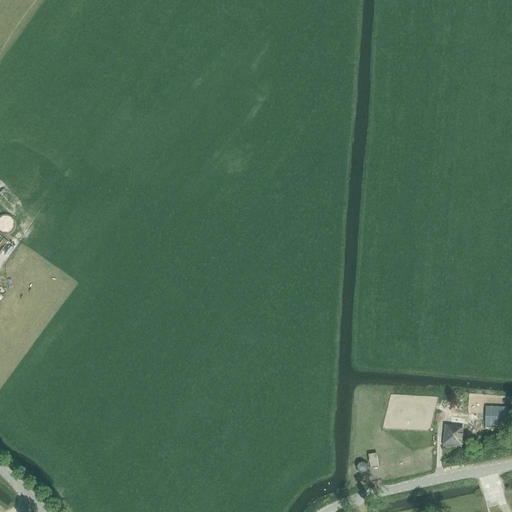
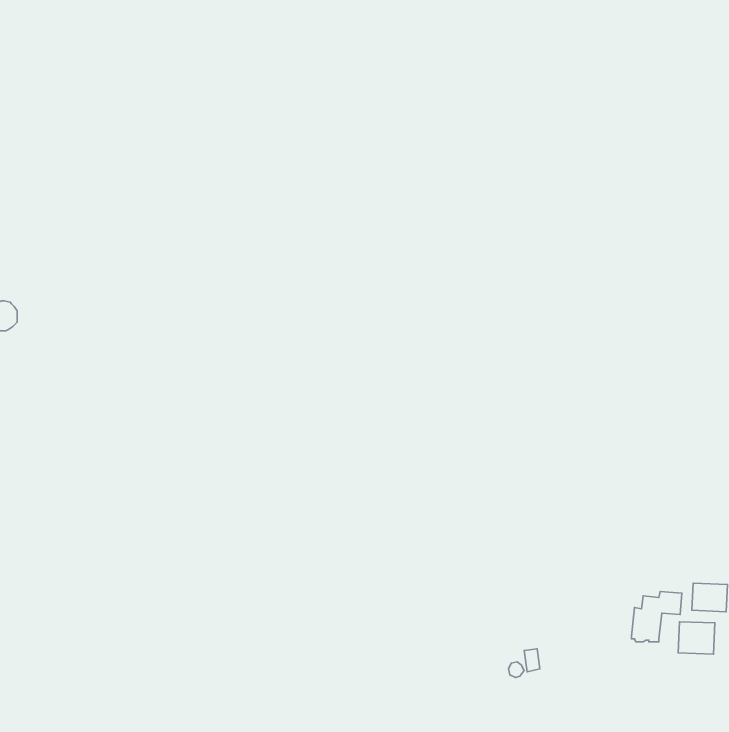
building: none -> [678,622,715,654]

